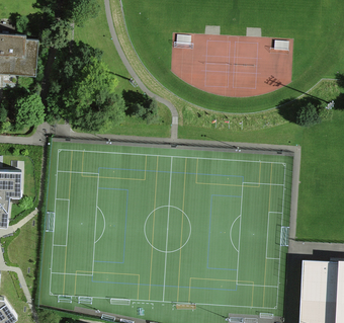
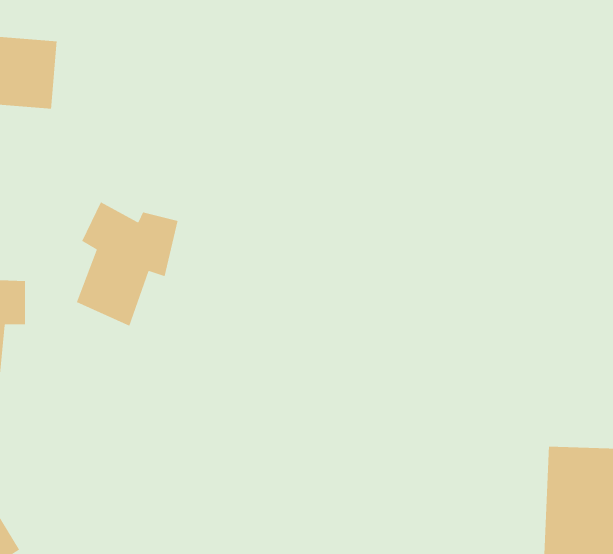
building: none -> [76,201,179,327]

